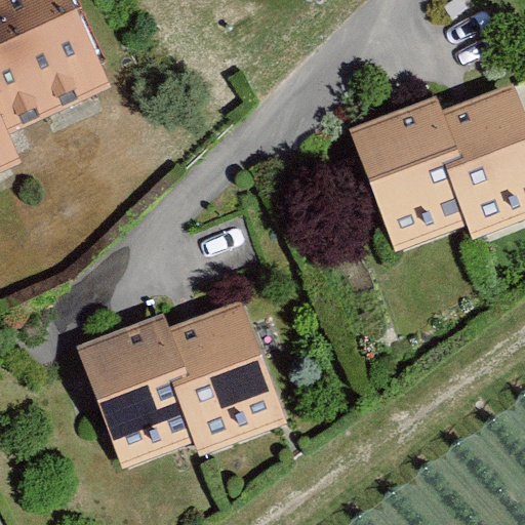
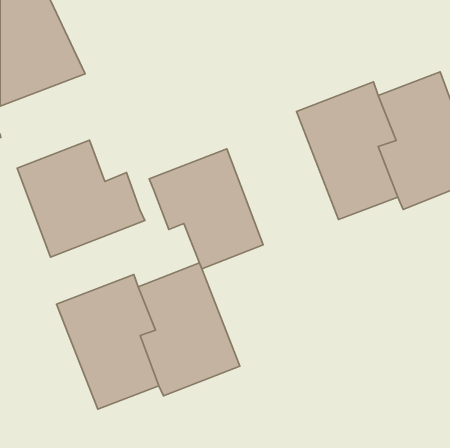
building: none -> [17,140,145,257]
building: none -> [149,149,263,269]

